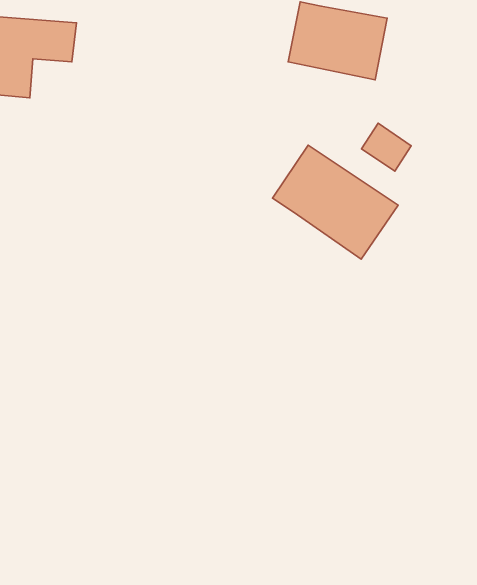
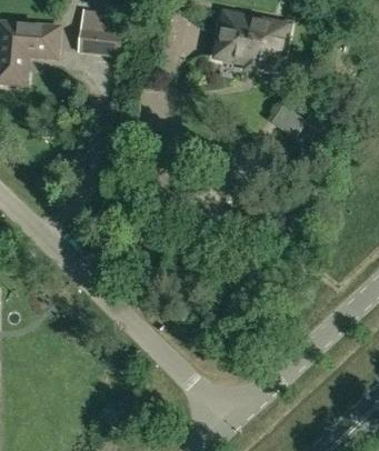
building: none -> [78,18,120,56]
building: [272,145,398,259] -> none

